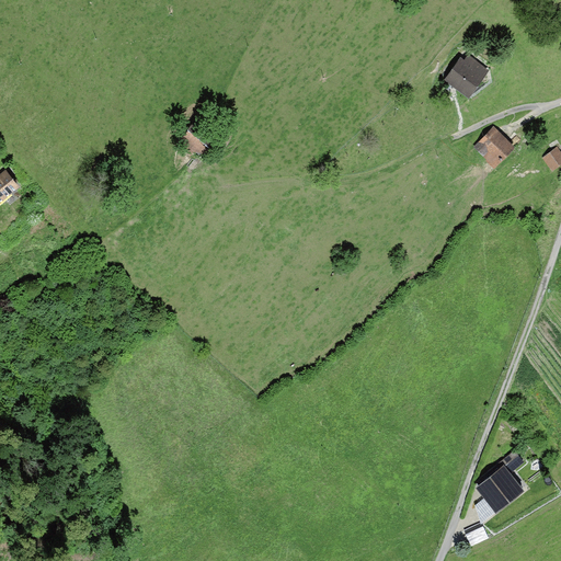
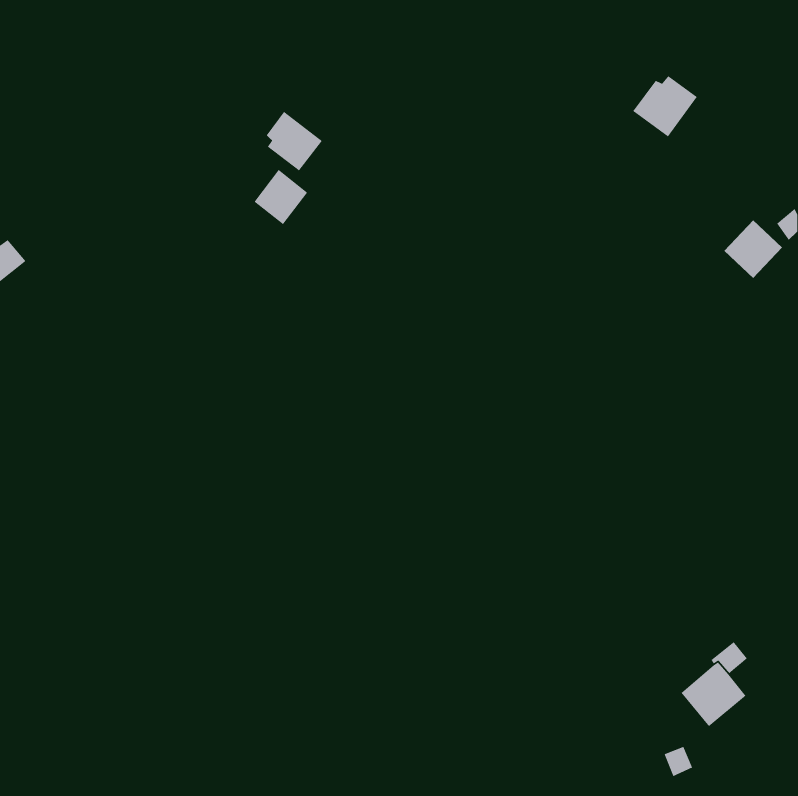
building: none -> [266,111,323,171]
building: [472,126,514,168] -> [724,219,783,279]

